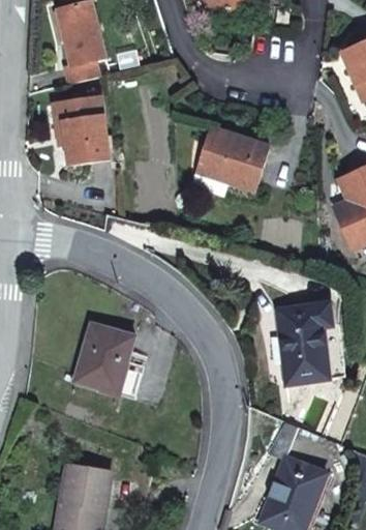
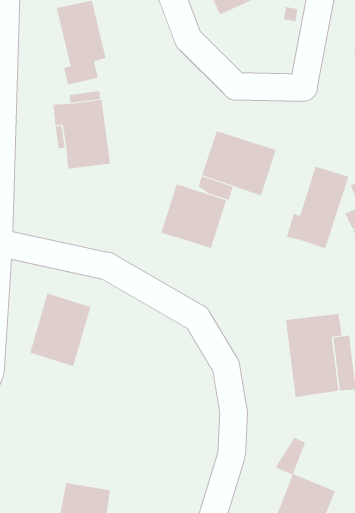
building: none -> [286,166,349,249]
building: none -> [160,183,227,249]
building: [74,322,133,393] -> [30,293,91,367]

